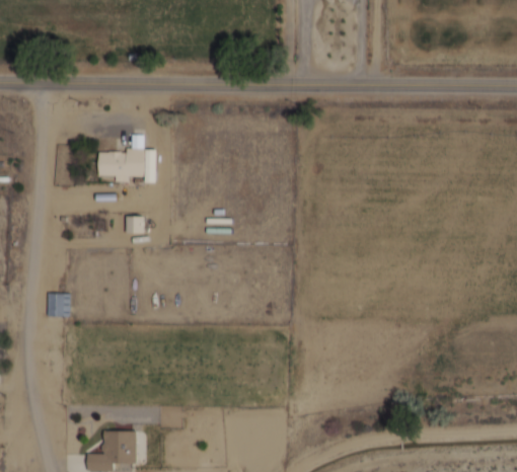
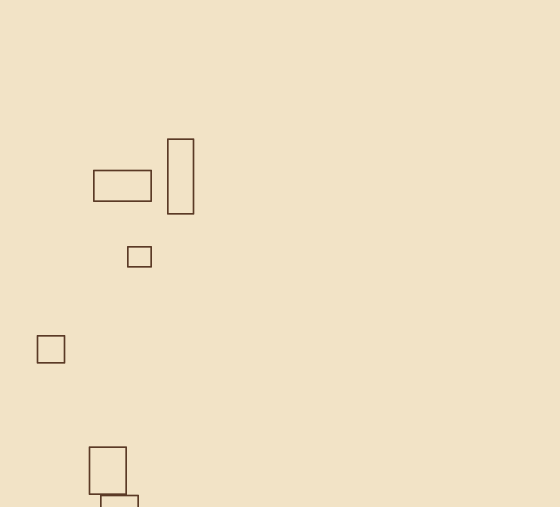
building: none -> [168,139,194,214]
building: none -> [90,447,126,494]

